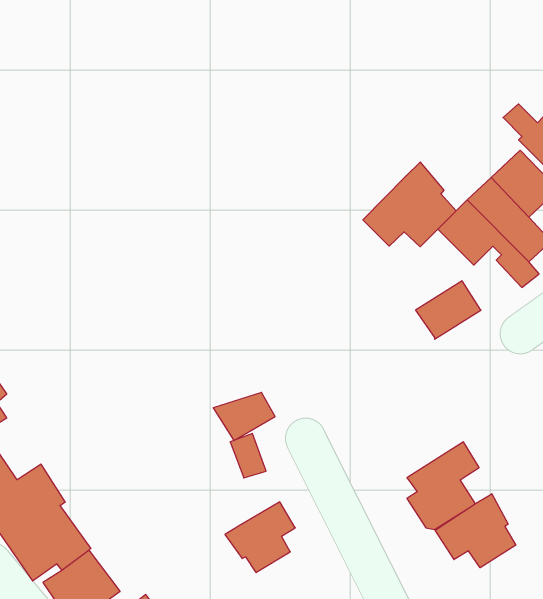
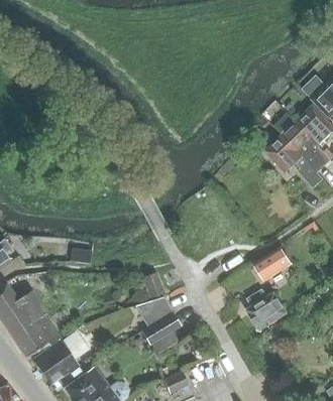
building: [363,162,456,247] -> none
building: [416,281,481,339] -> [253,246,292,280]
building: [213,392,275,440] -> [135,297,172,325]
building: [435,494,516,568] -> none

